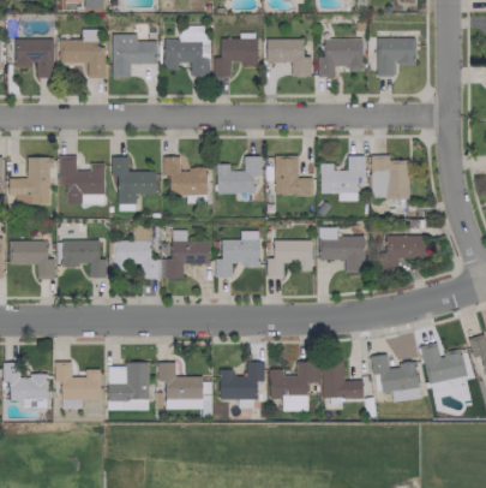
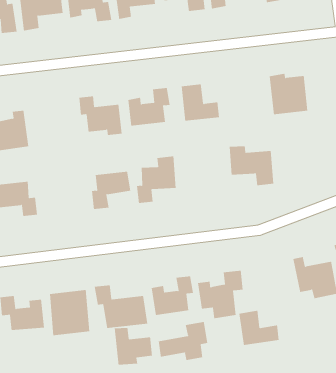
building: [320,155,366,201] -> none
building: [112,156,157,212] -> none
building: [114,227,166,278] -> none
building: [385,234,424,270] -> none
building: [268,240,313,279] -> none
building: [323,362,364,398] -> [239,310,279,345]
building: none -> [114,327,153,365]
building: none -> [158,321,208,361]

